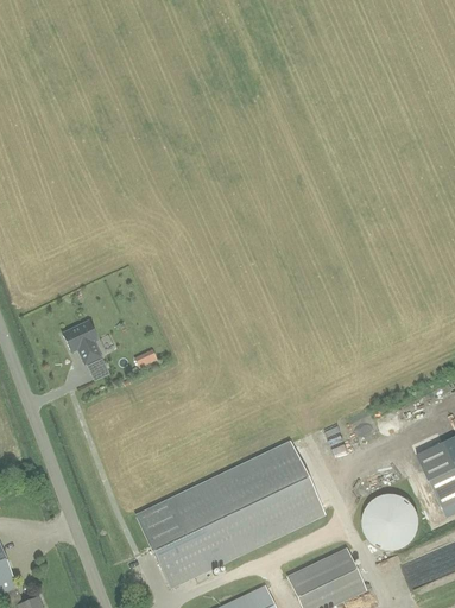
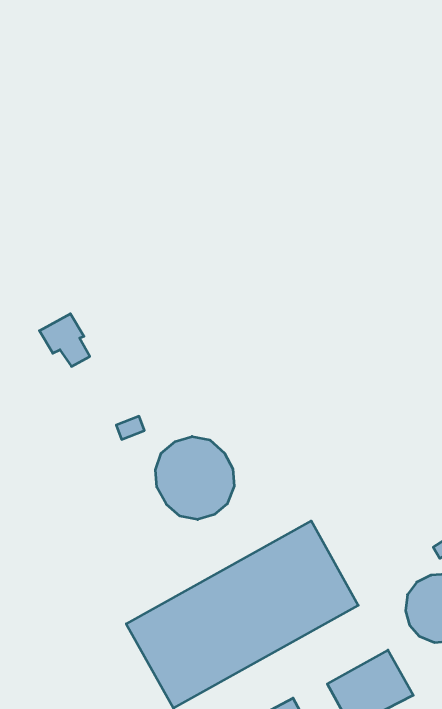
building: [57,323,96,366] -> [39,314,90,366]
building: none -> [155,436,234,520]

